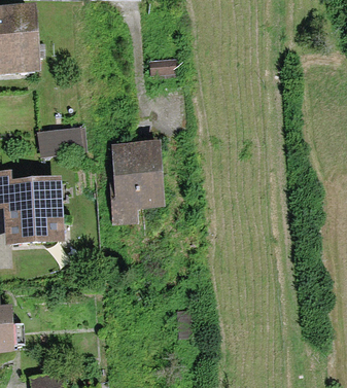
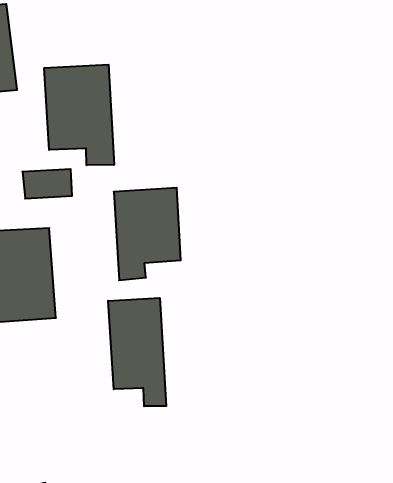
building: none -> [44,65,114,165]
building: none -> [108,298,166,406]

